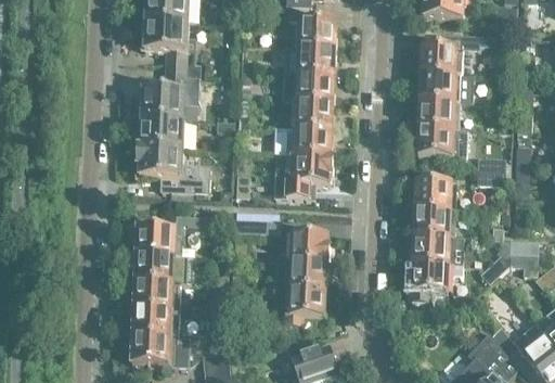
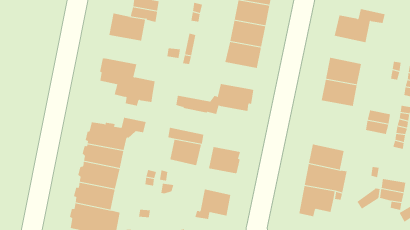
building: [418,73,461,102] -> none
building: [140,116,183,146] -> none
building: [288,127,332,155] -> none
building: [414,181,456,213] -> none
building: [289,261,326,290] -> [170,139,202,166]

